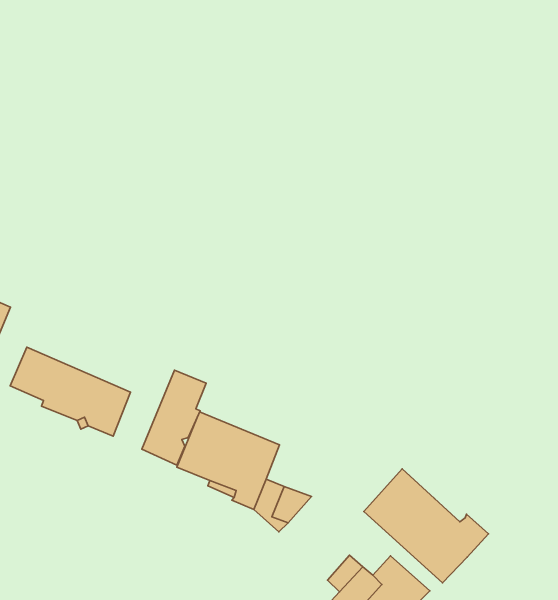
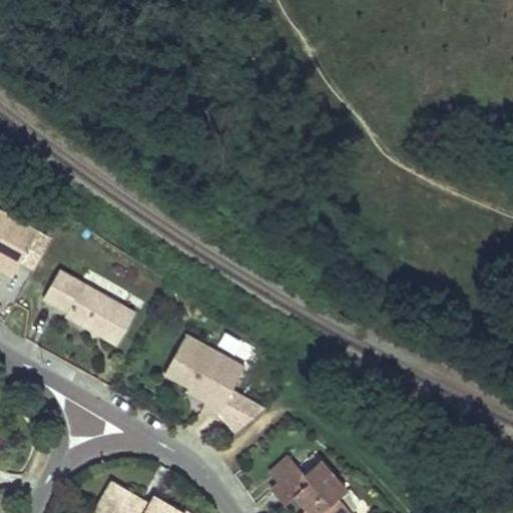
building: [142,370,206,465] -> none
building: [364,469,488,583] -> none

